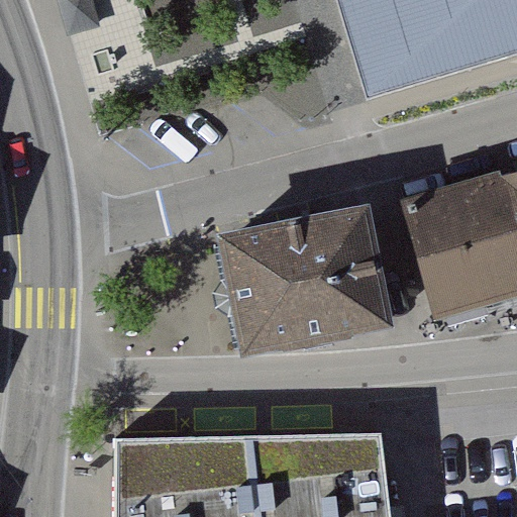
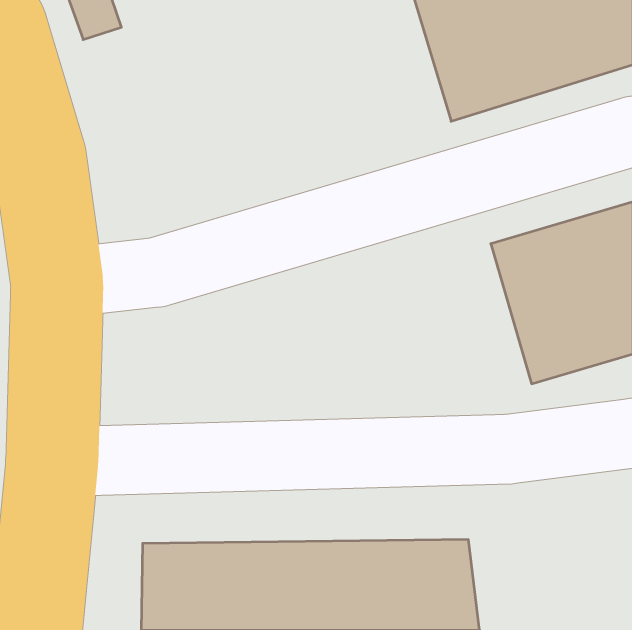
building: [222,213,391,357] -> none

